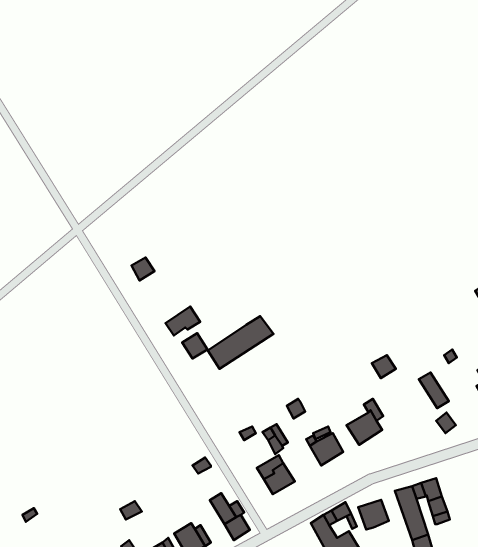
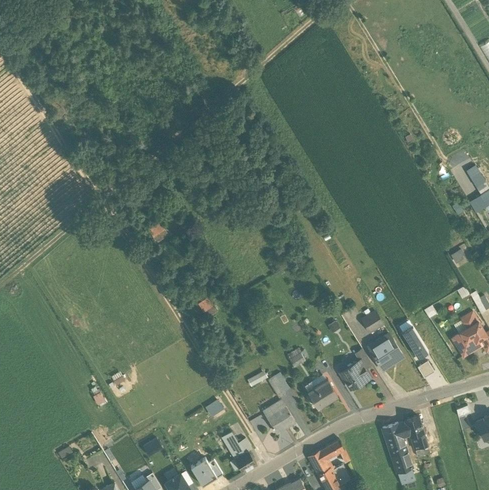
building: [166,306,200,336] -> none
building: [208,316,273,369] -> none
building: none -> [368,334,402,369]
building: [358,500,389,530] -> none

